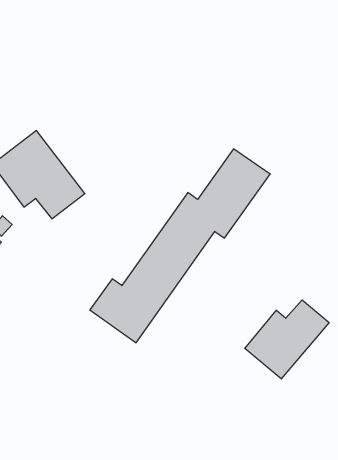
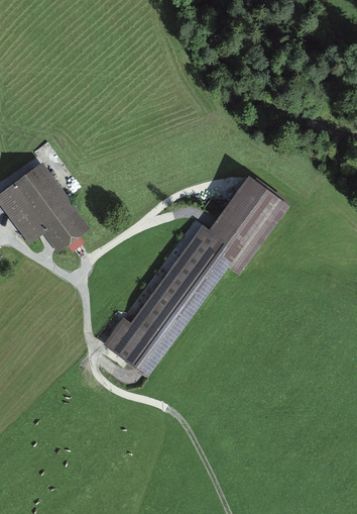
building: [245,300,329,379] -> none

